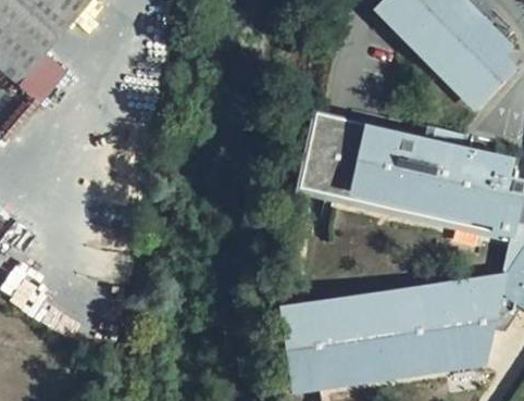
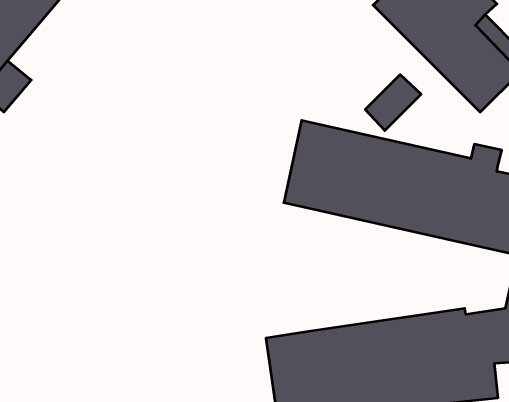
building: none -> [365,75,421,131]

